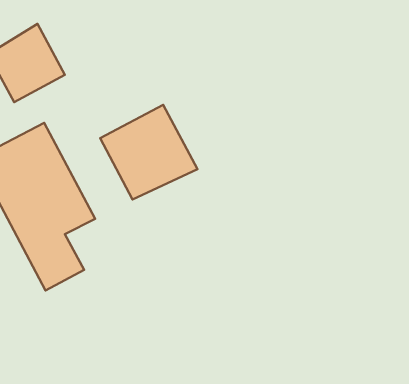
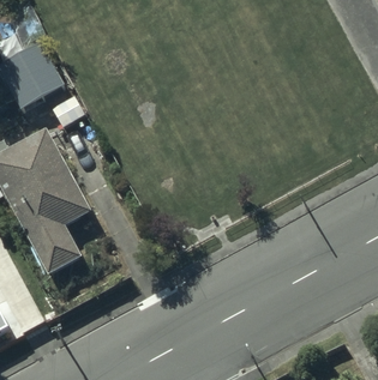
building: [100,105,197,199] -> none

